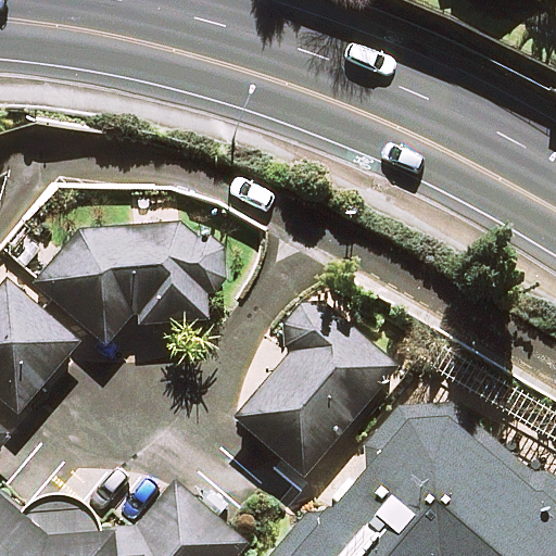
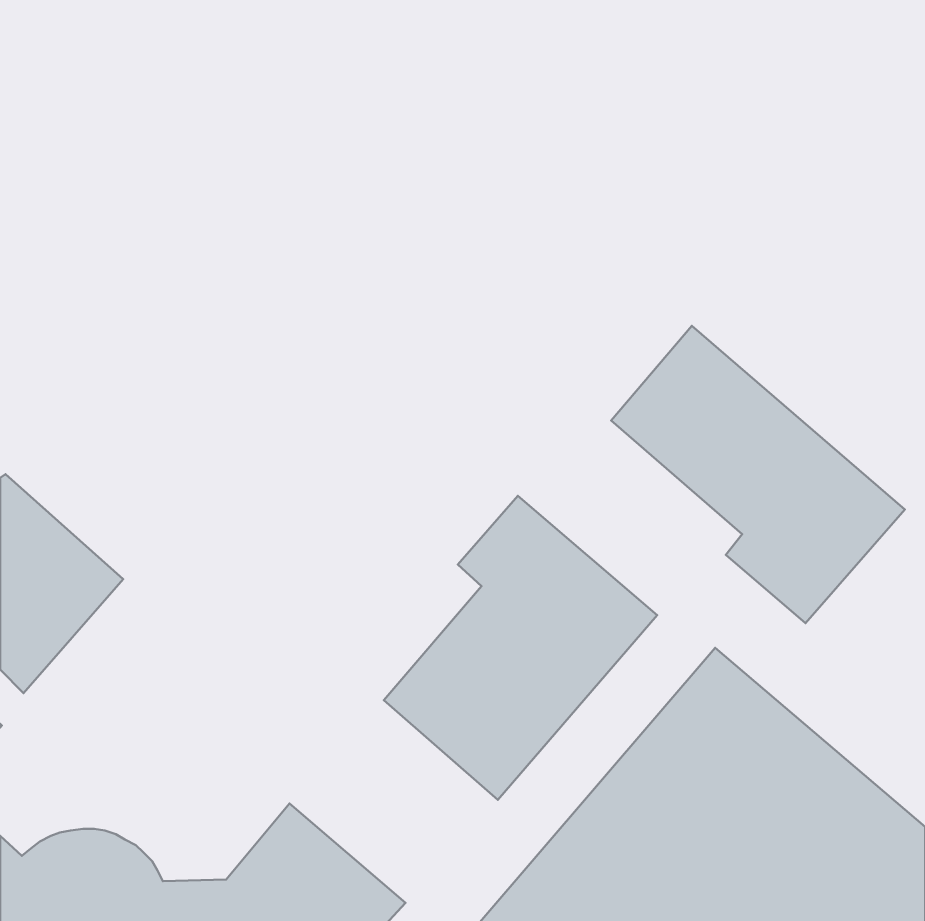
building: none -> [611,326,905,623]
building: [31,232,224,350] -> none

